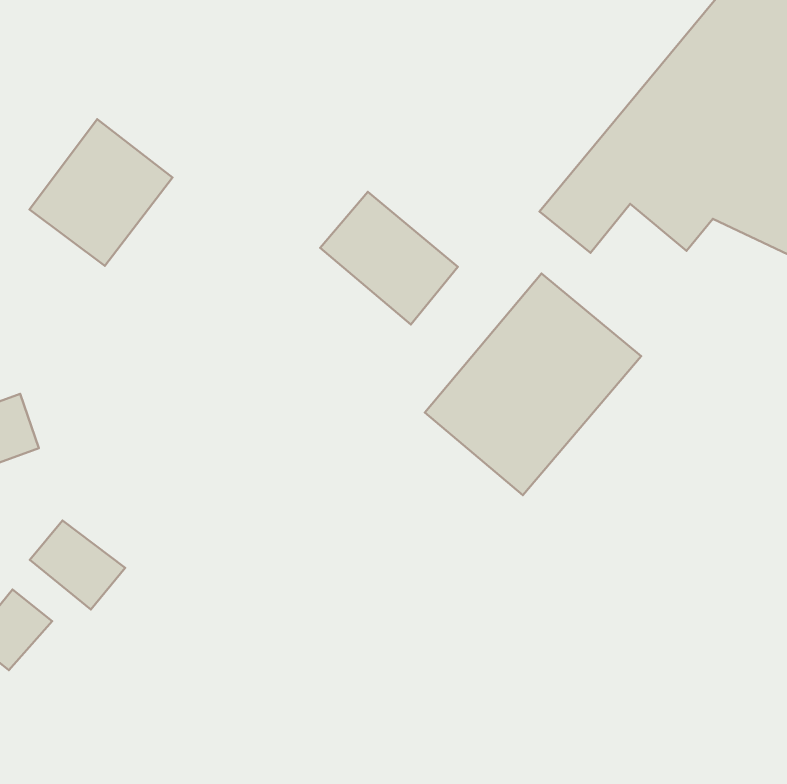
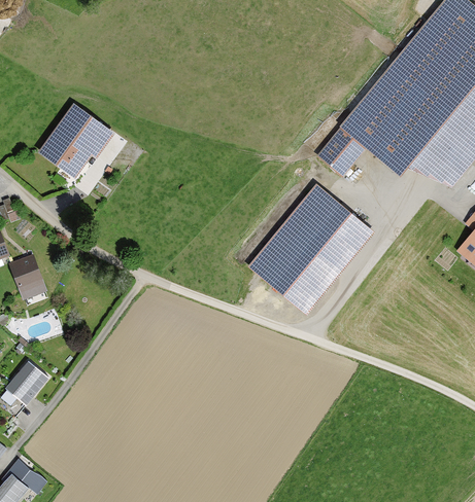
building: [320,192,458,324] -> none
building: [30,521,125,609] -> none

